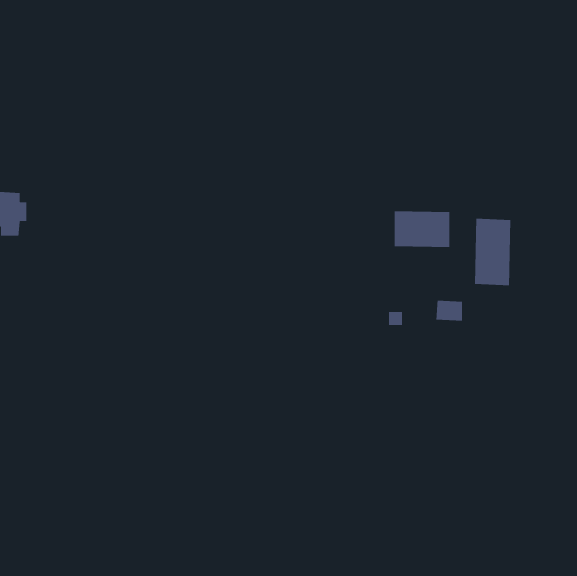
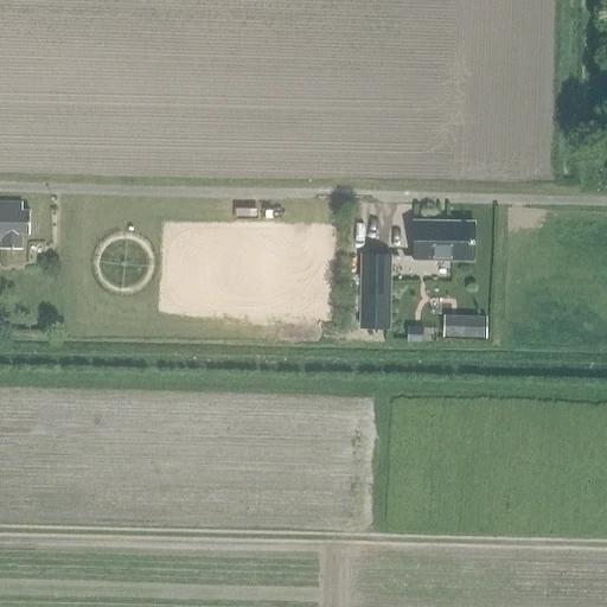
building: [474,218,511,286] -> none
building: none -> [358,251,390,327]

